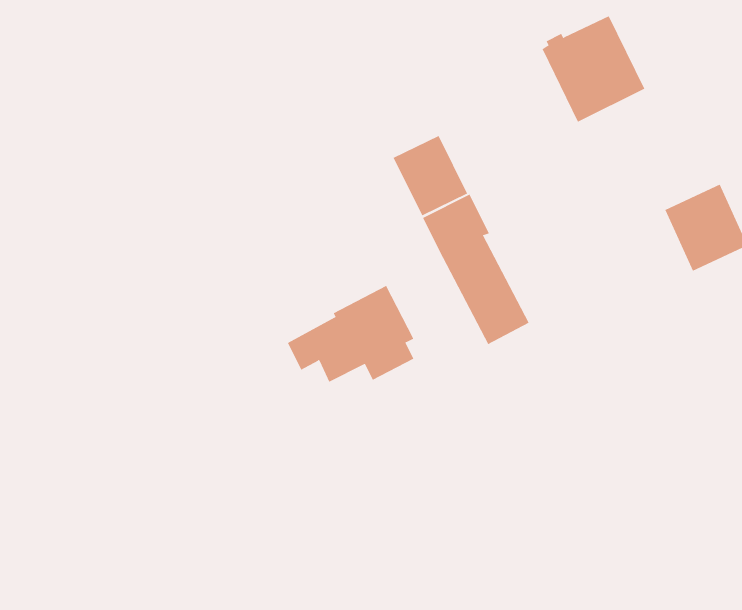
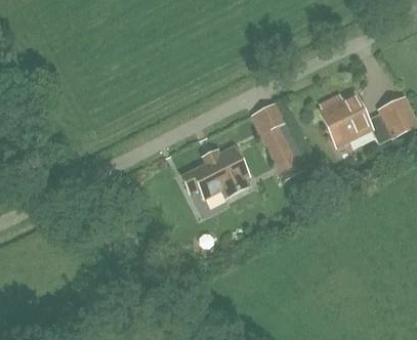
building: [542,15,645,123] -> [317,92,370,147]
building: [393,135,468,216] -> none

